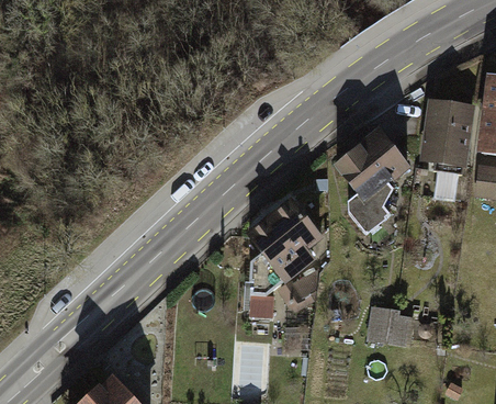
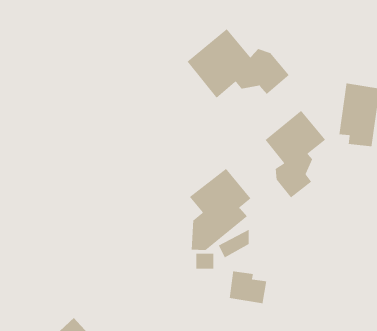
building: none -> [186,28,290,99]
building: [368,306,413,346] -> [229,271,267,304]

